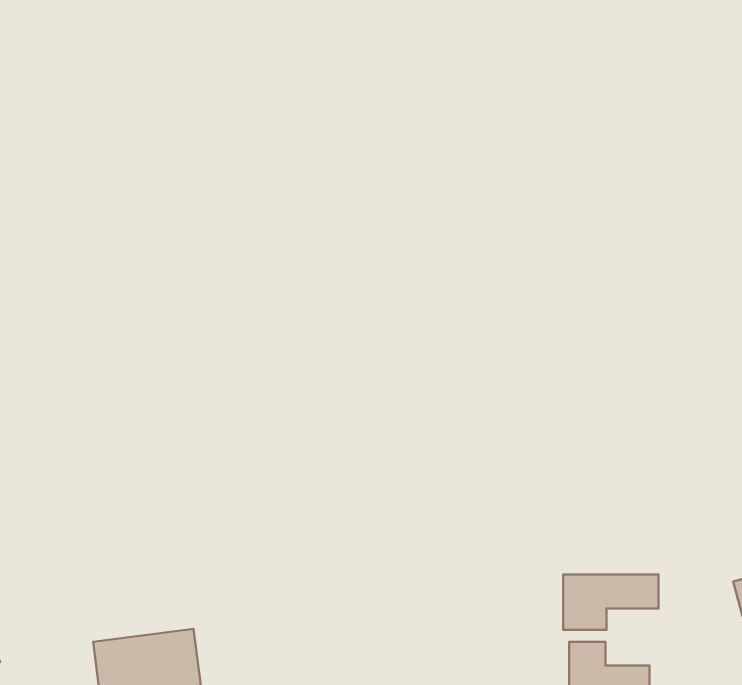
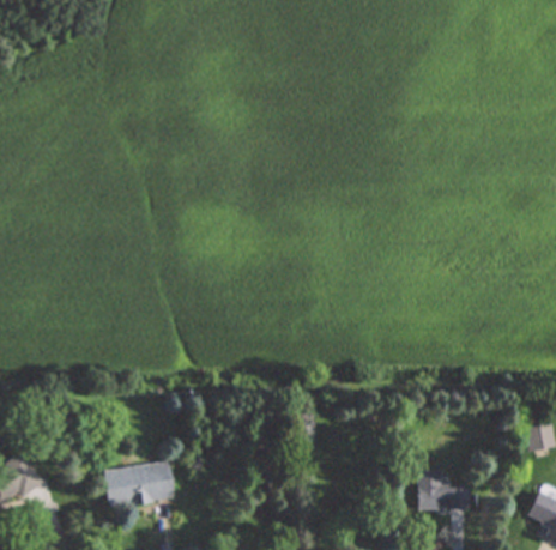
building: [563,574,659,630] -> none

